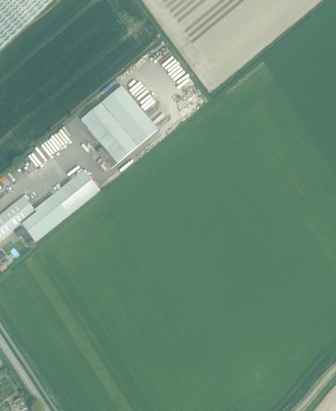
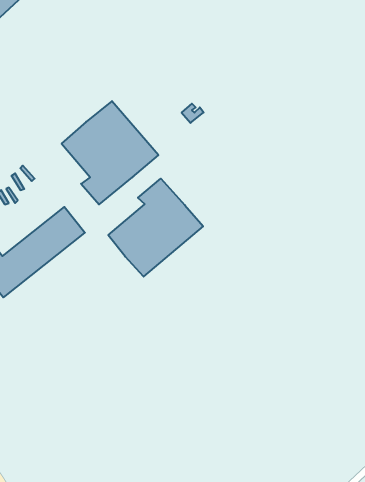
building: none -> [108,179,203,277]

